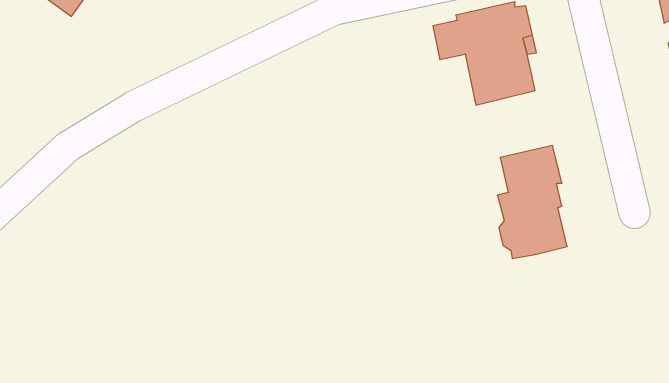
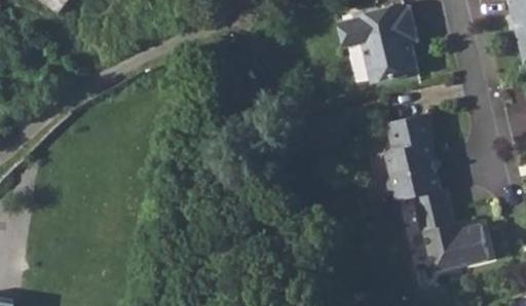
building: none -> [414,189,489,271]

